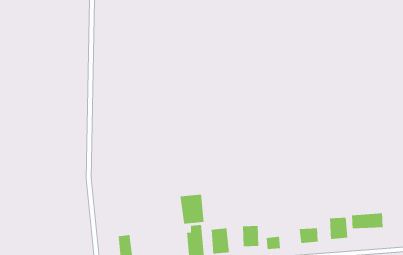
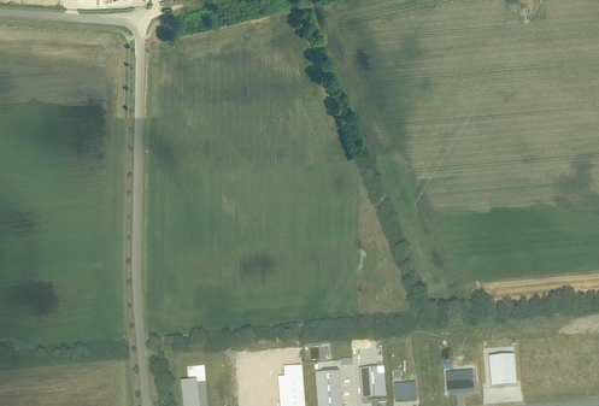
building: [180,194,204,224] -> none
building: [351,213,383,229] -> none

